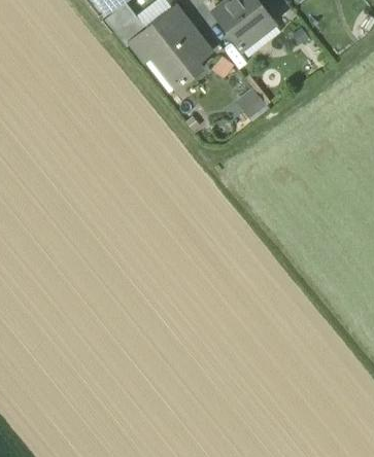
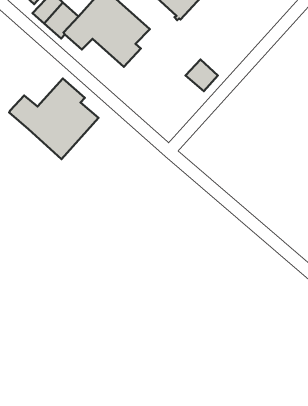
building: none -> [9,78,99,159]

